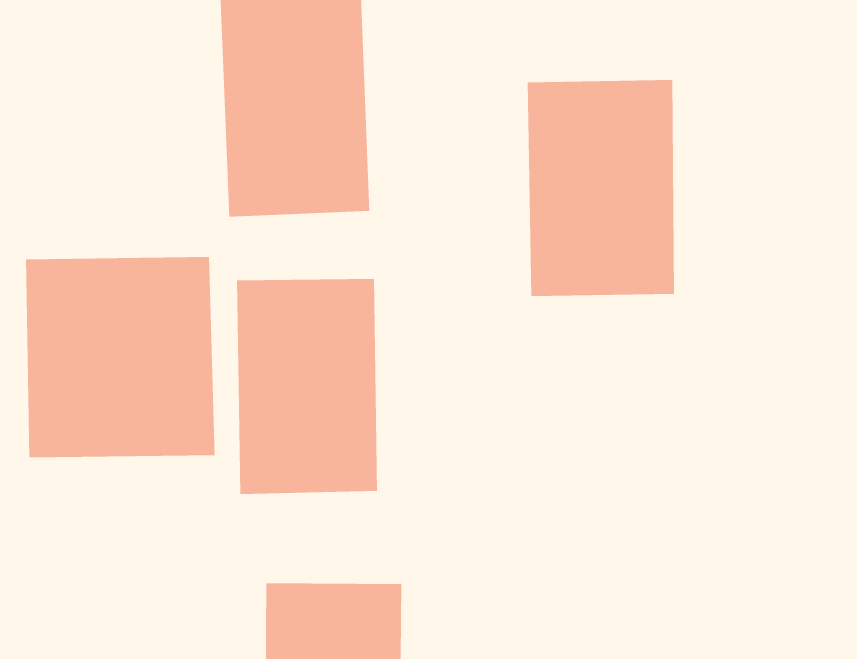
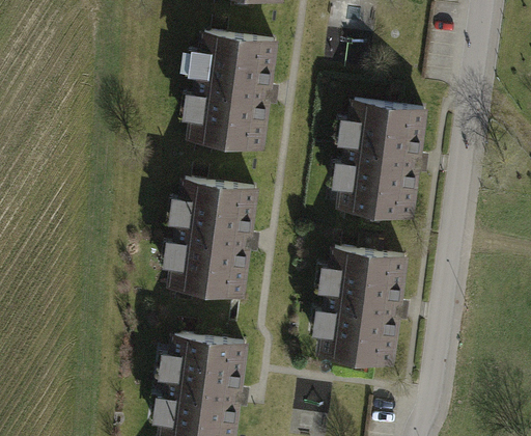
building: [26,256,215,458] -> none
building: none -> [313,246,406,370]

